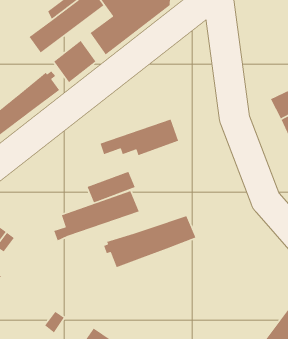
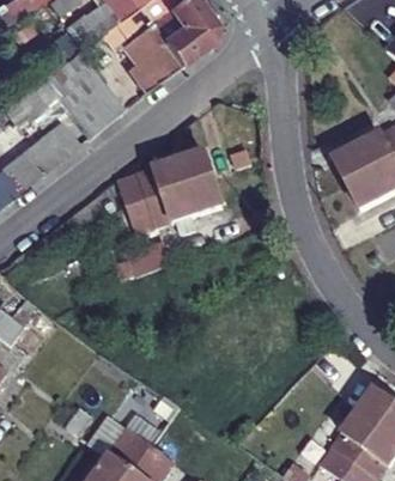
building: [53,190,140,241] -> [109,151,214,213]
building: [103,215,197,268] -> none

